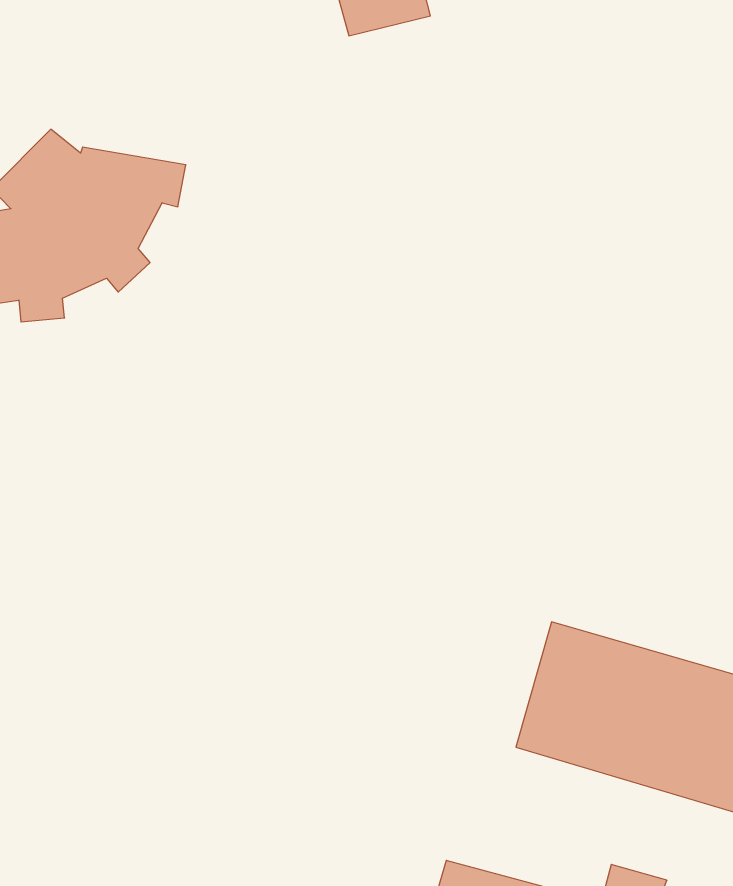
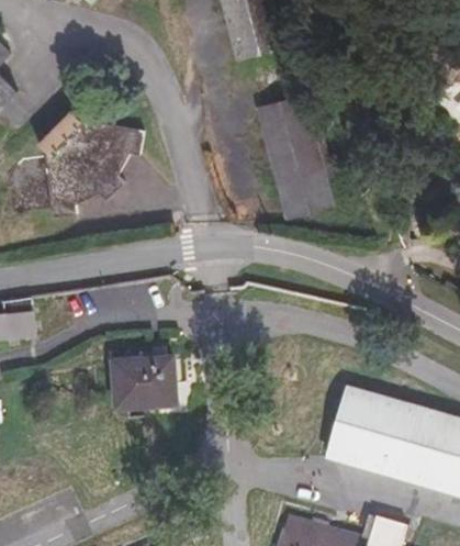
building: none -> [255,96,327,213]
building: none -> [115,359,182,413]

